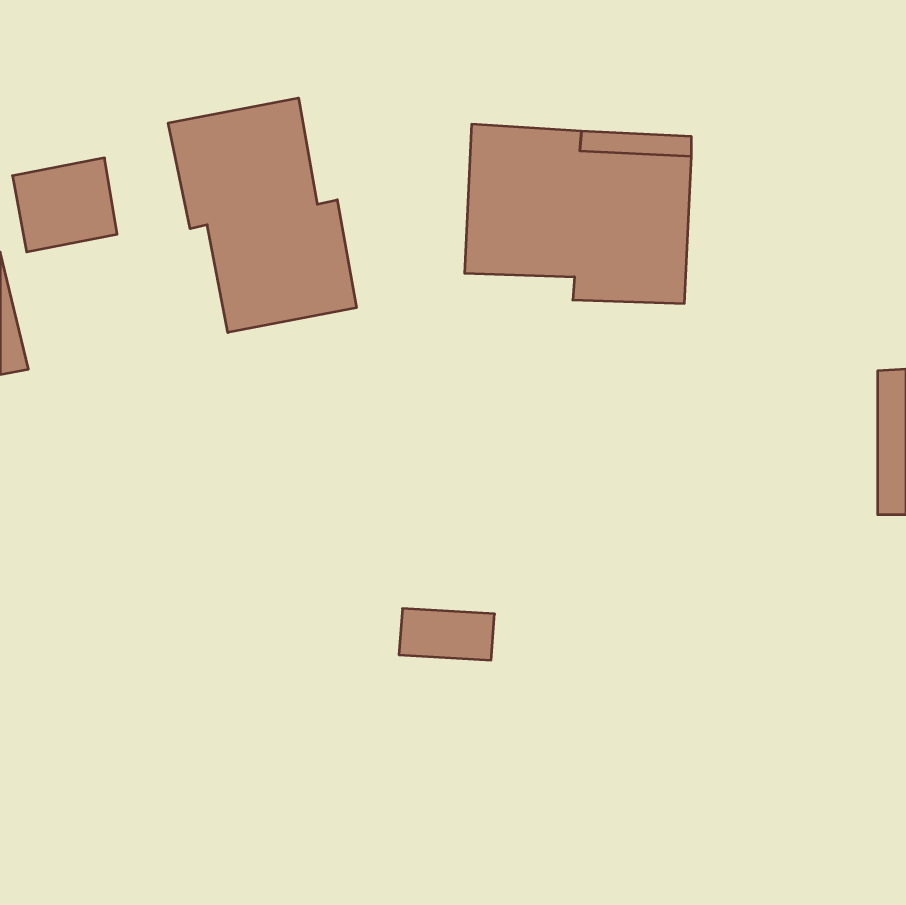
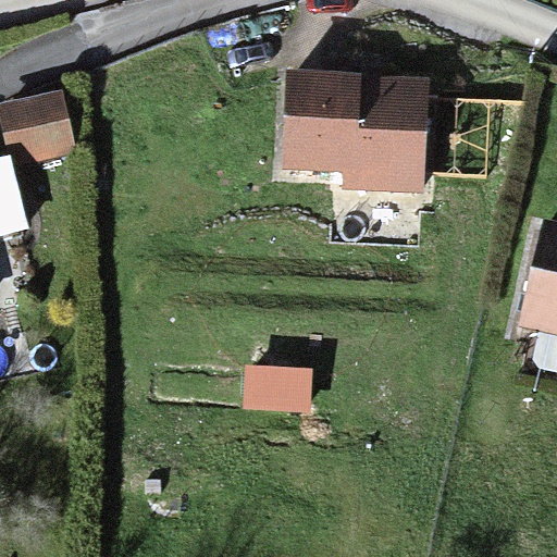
building: [168,98,356,333] -> none

